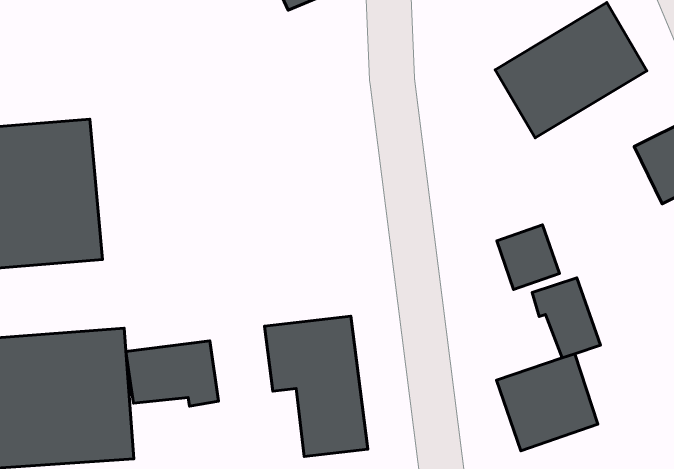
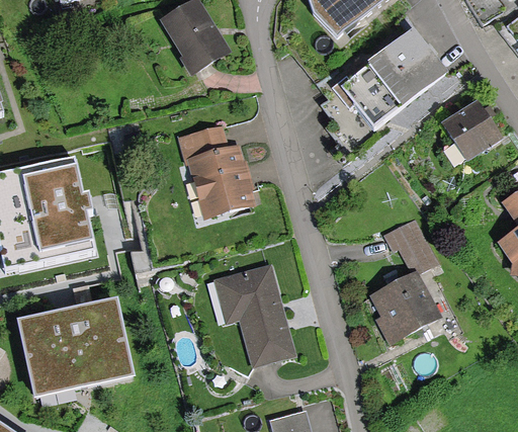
building: none -> [186,122,256,213]
building: [497,225,559,290] -> none
building: [126,341,219,406] -> none

